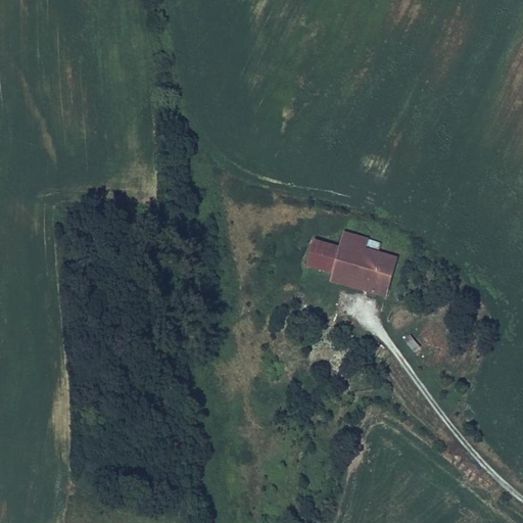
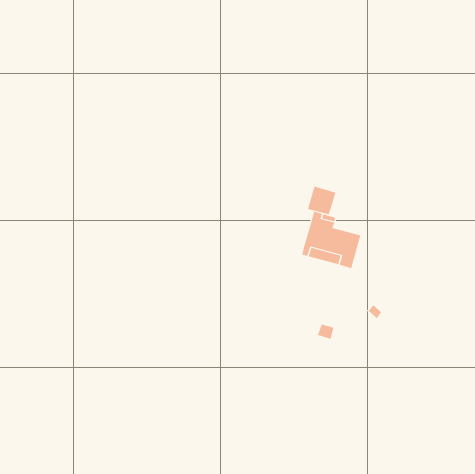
building: [307,239,339,271] -> [307,186,336,215]

